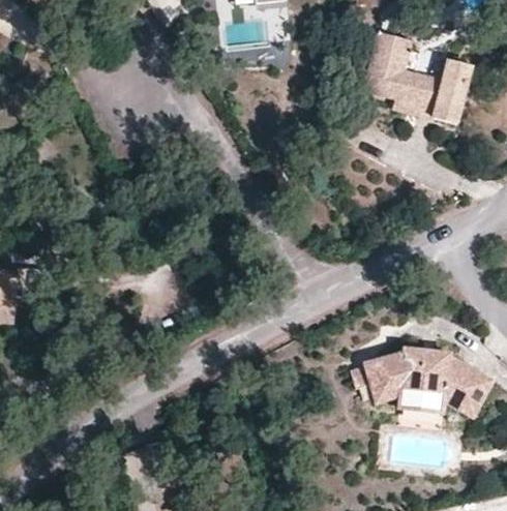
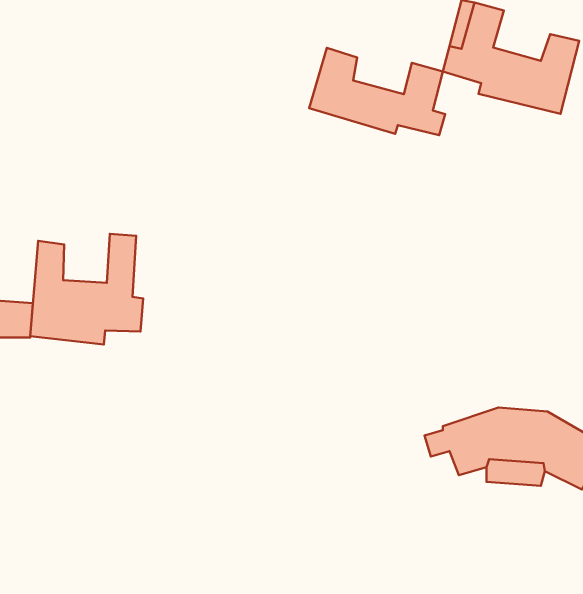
building: none -> [309,48,445,135]
building: none -> [30,234,143,344]

